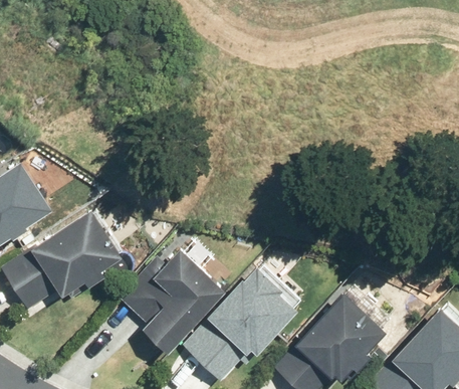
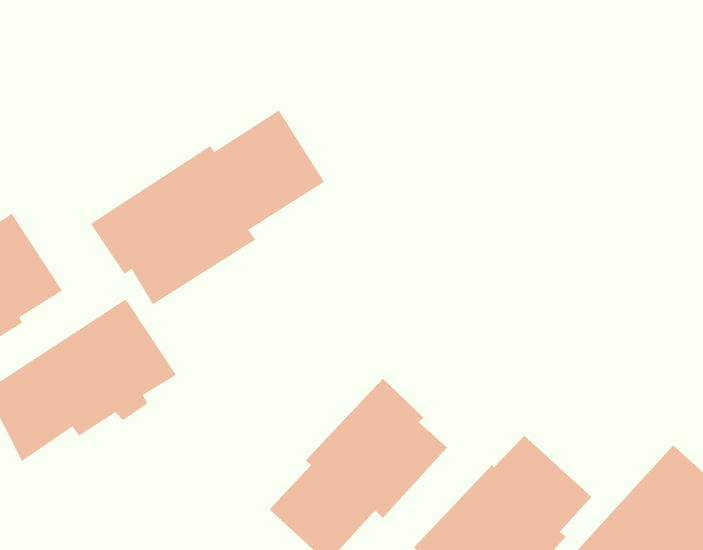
building: none -> [90,110,325,305]
building: [119,247,224,350] -> none

